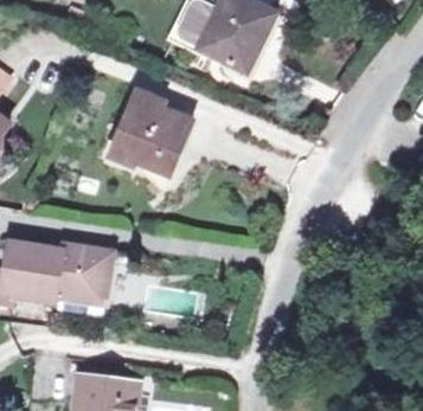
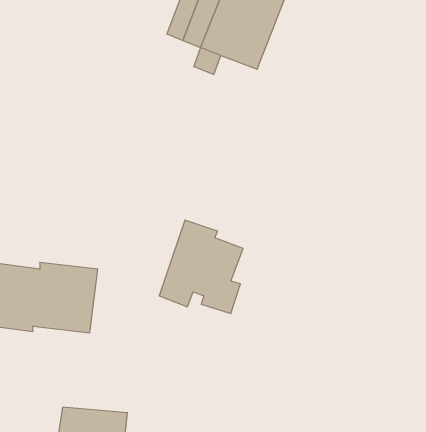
building: [102,89,175,171] -> [159,220,243,314]

